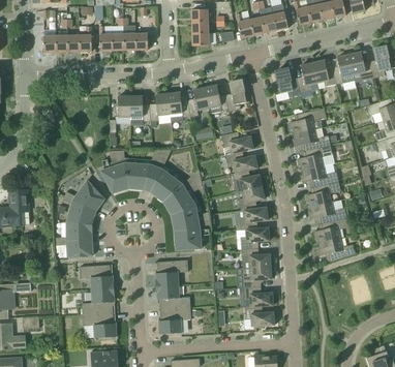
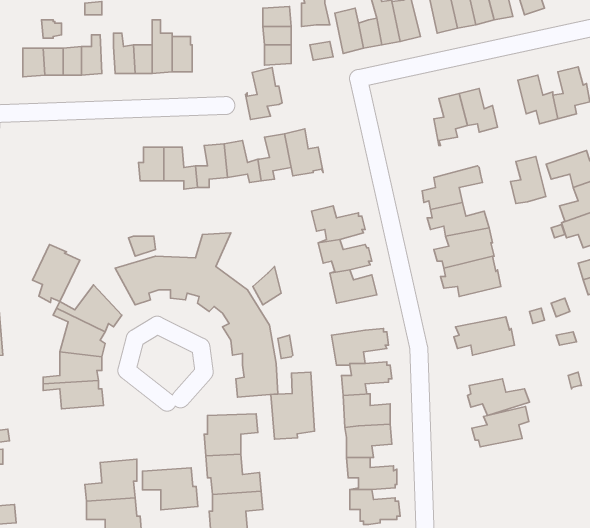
building: [333,55,355,84] -> [511,156,546,203]
building: [275,68,300,97] -> none
building: [225,80,248,112] -> [245,68,282,120]
building: none -> [32,244,80,302]
building: [305,182,341,207] -> none
building: [238,187,265,211] -> none
building: [313,218,348,243] -> [472,407,529,447]
building: none -> [271,372,315,439]
building: [80,265,114,290] -> [143,468,198,510]

